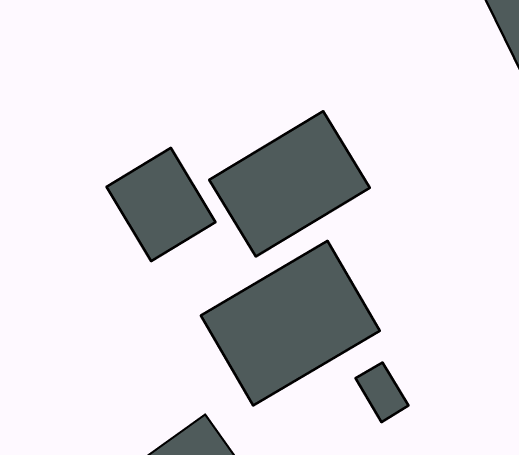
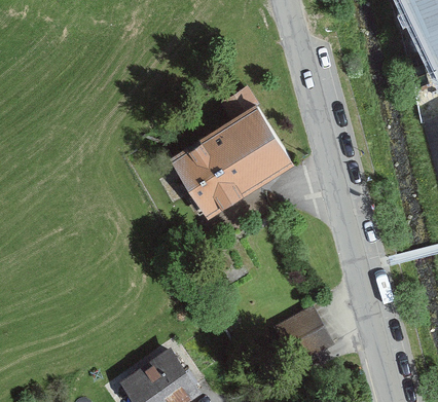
building: [106,148,215,261] -> none
building: [201,241,380,406] -> none

